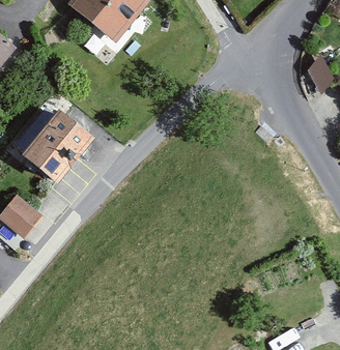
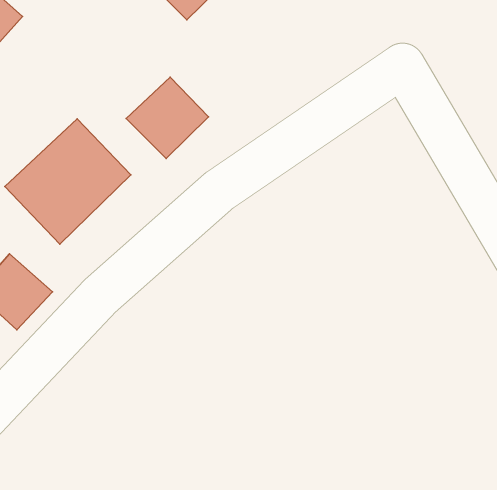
building: none -> [126,77,208,158]

